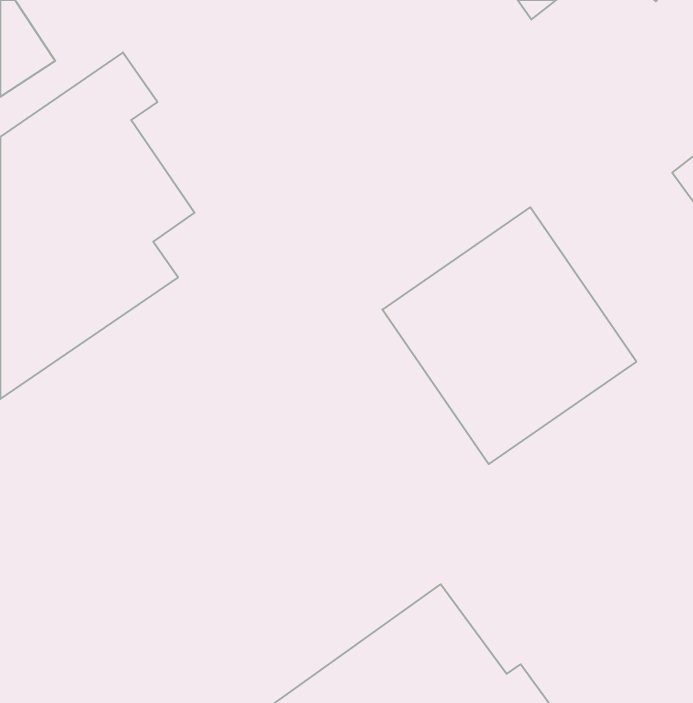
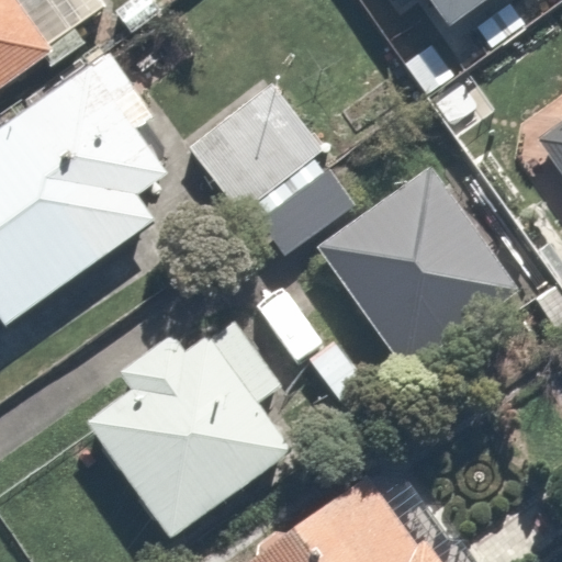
building: none -> [182,82,339,235]
building: none -> [88,322,286,538]

